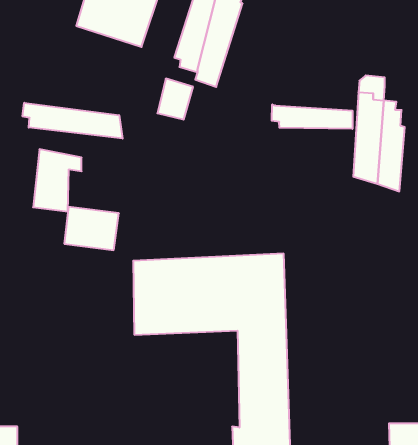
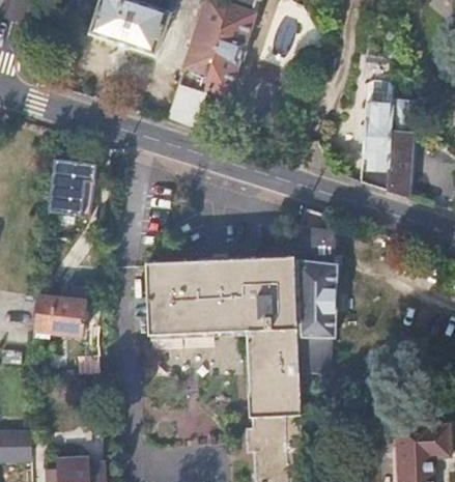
building: [23,103,123,139] -> none
building: [272,104,352,129] -> none
building: [64,207,119,250] -> [33,296,87,339]
building: none -> [297,226,336,373]

